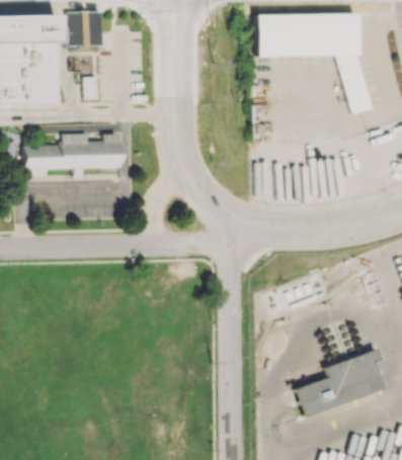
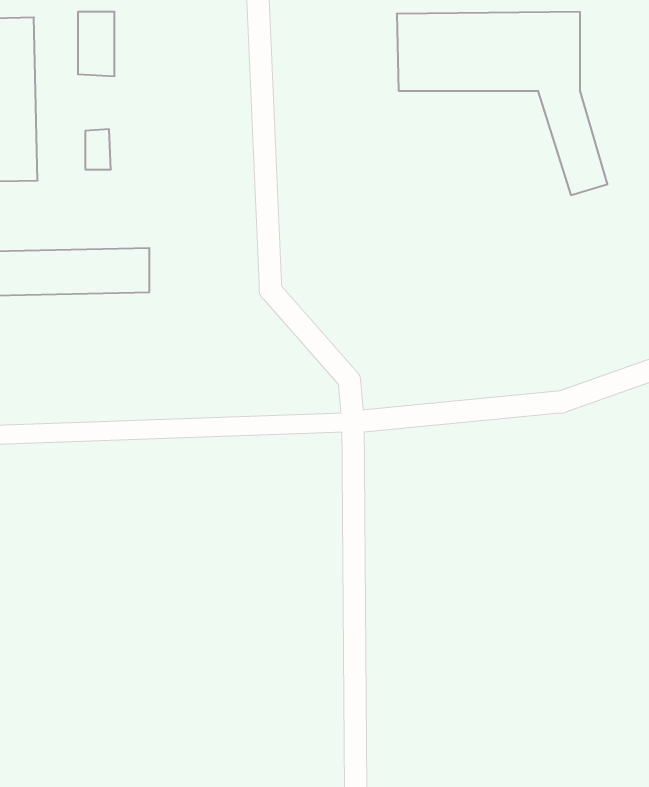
building: [68,12,82,47] -> none
building: [298,348,384,417] -> none

